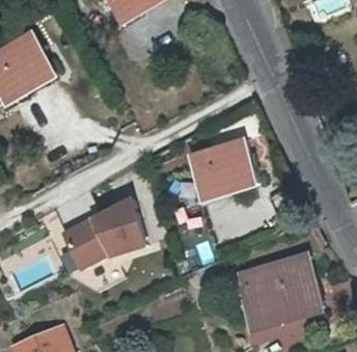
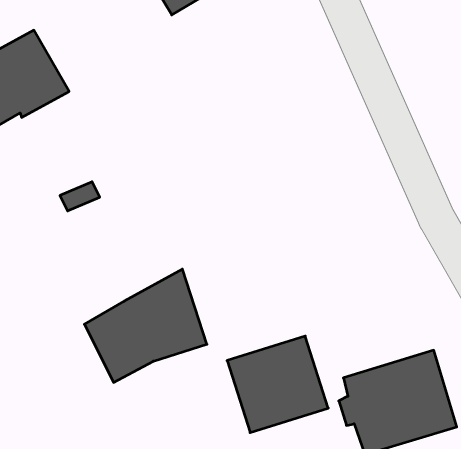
building: [192,138,260,204] -> [227,336,328,433]

